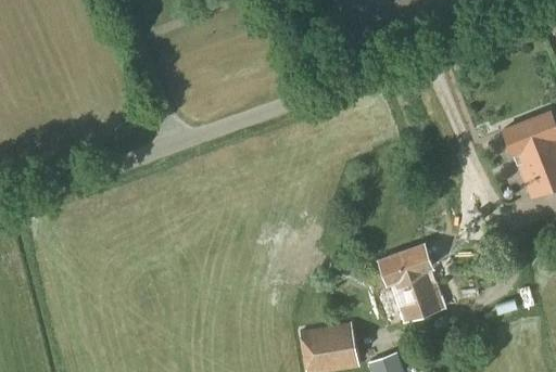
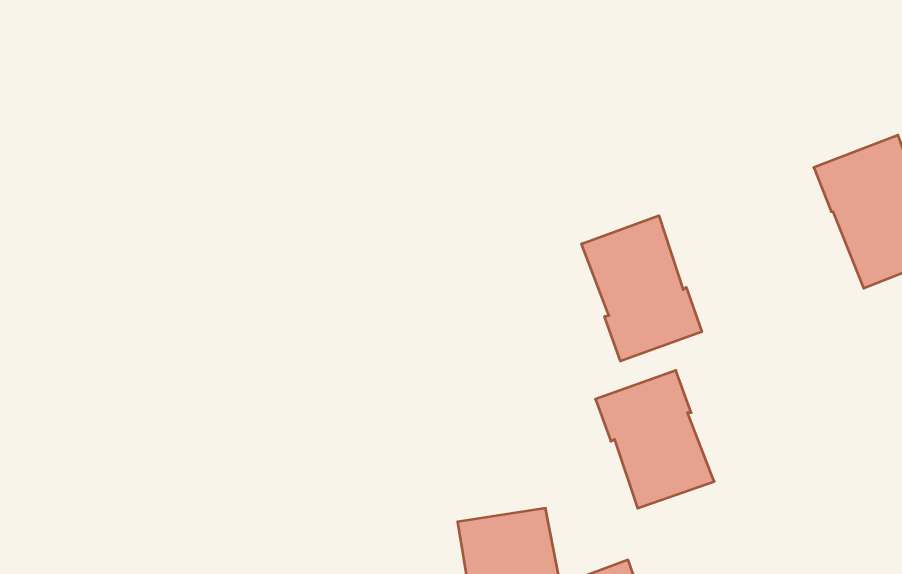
building: none -> [582,216,702,361]

